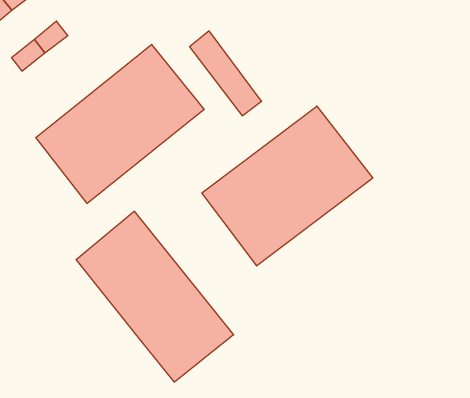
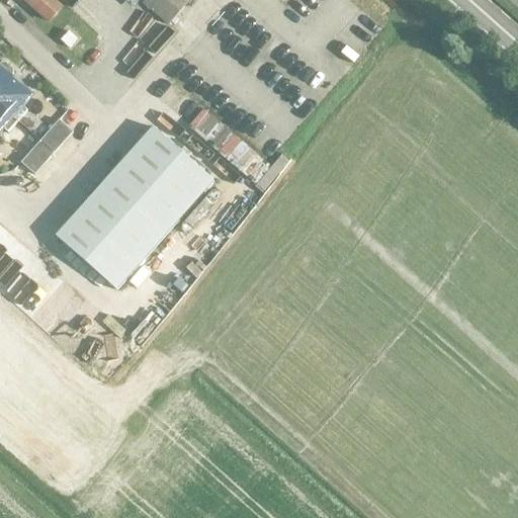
building: [202,106,373,266] -> none
building: [76,211,234,382] -> none

